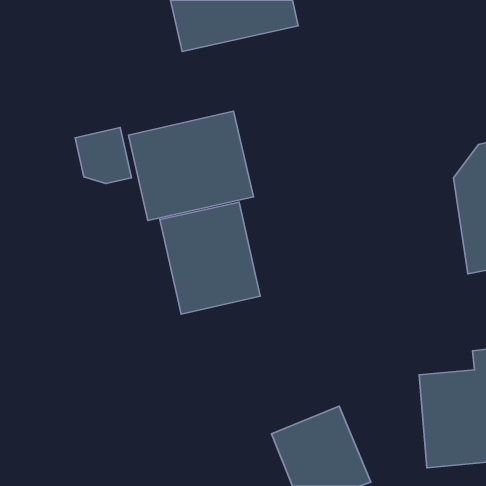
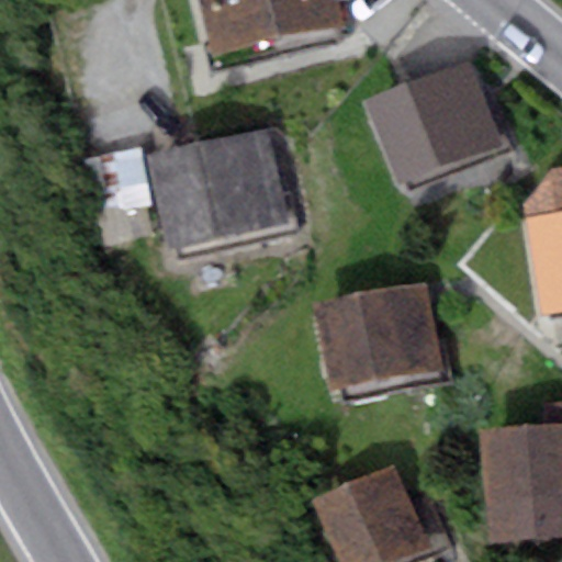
building: none -> [363,60,504,186]
building: [160,202,260,314] -> none
building: none -> [317,282,447,391]

